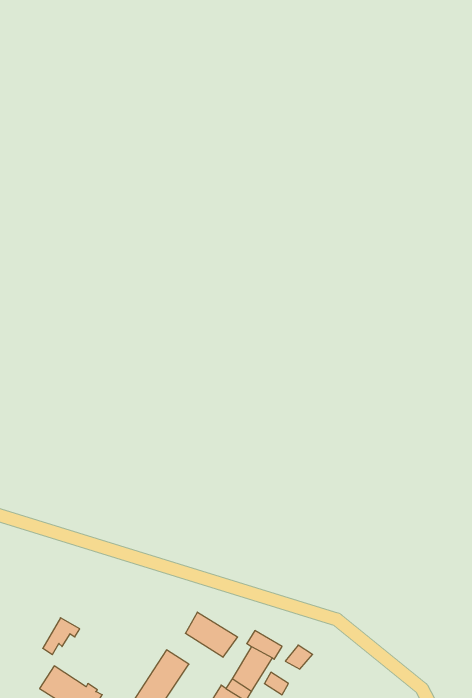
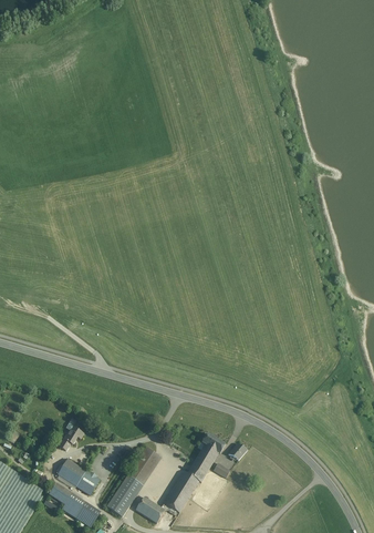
building: [185,612,238,657] -> none

